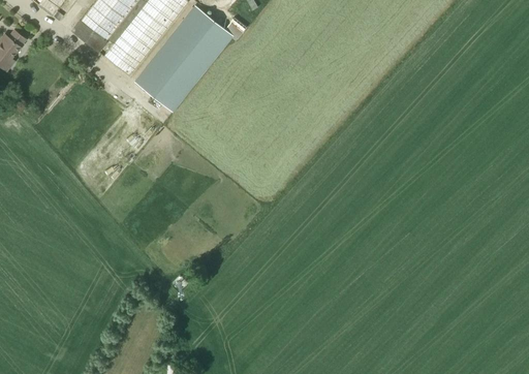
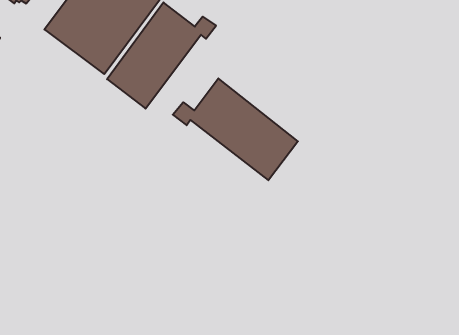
building: none -> [173,78,298,180]

